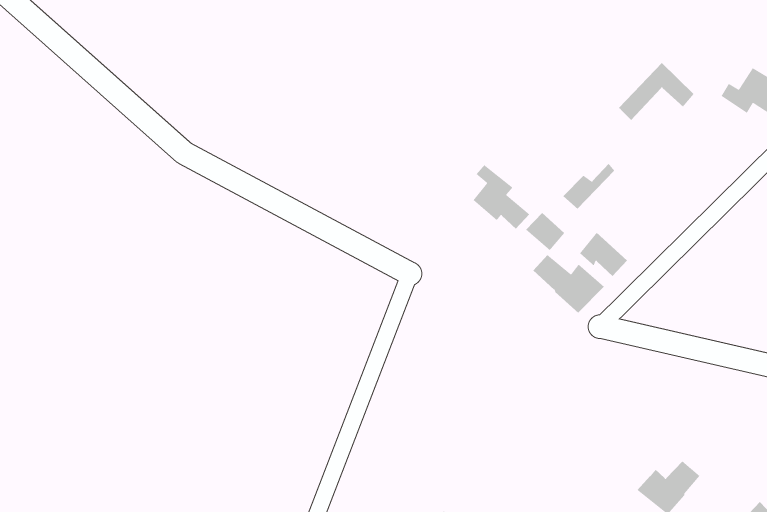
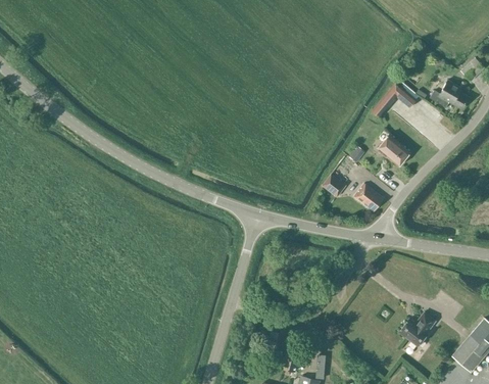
building: none -> [377,133,411,165]
building: [472,164,530,230] -> none
building: [532,254,605,313] -> none

